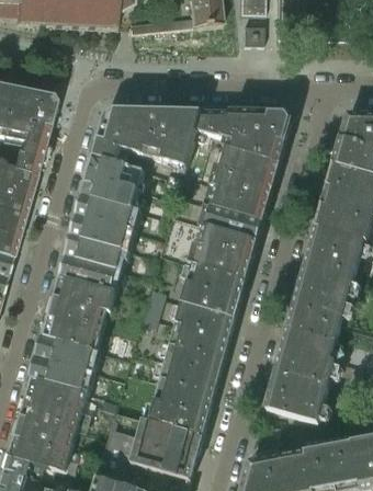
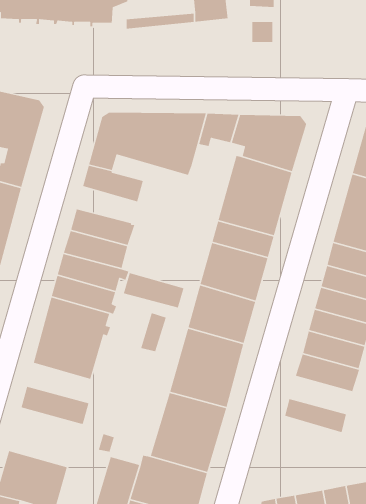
building: [82,174,138,207] -> [123,272,185,308]
building: [37,334,100,370] -> none
building: [275,346,334,380] -> none
building: [21,375,87,429] -> none
building: [264,382,324,420] -> none

